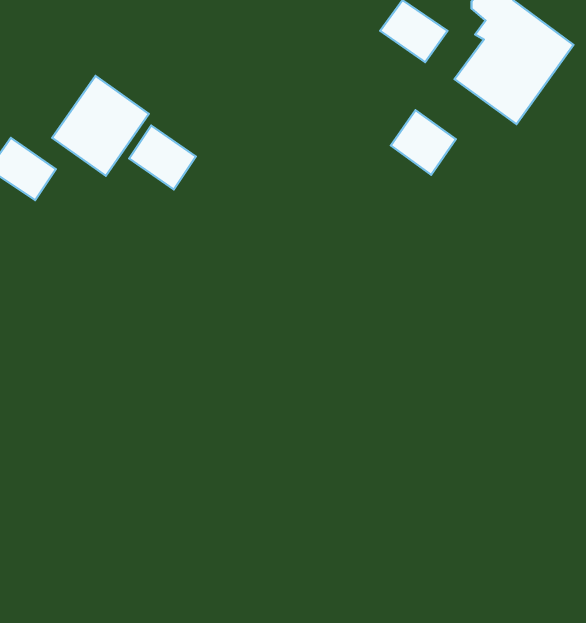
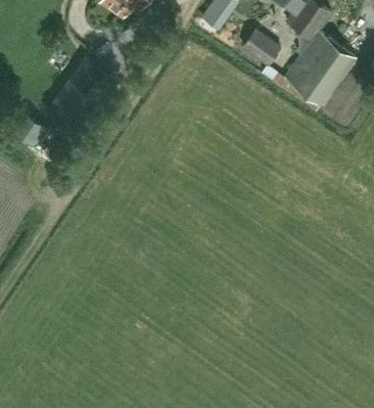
building: [391,110,456,175] -> none
building: [129,125,196,189] -> none

